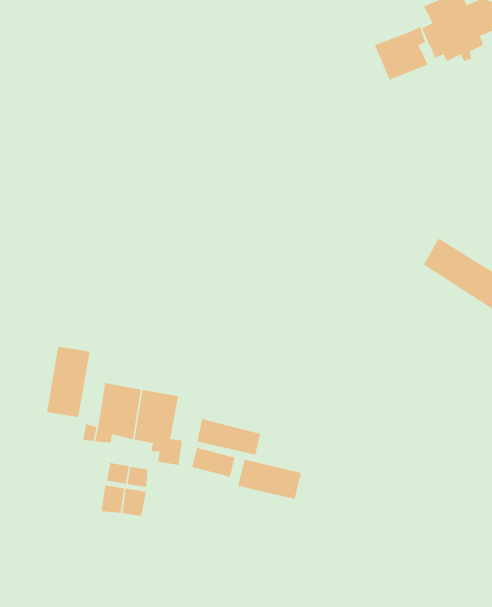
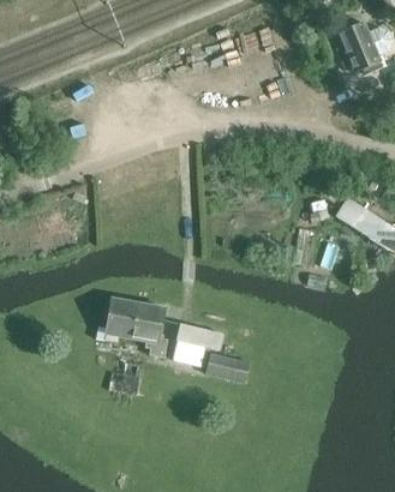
building: [374,26,429,81] -> none
building: [46,346,90,418] -> none

